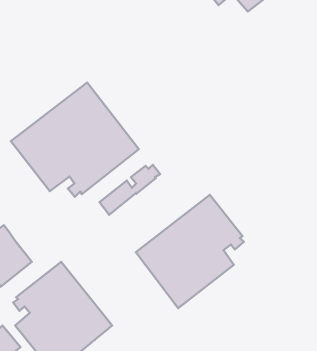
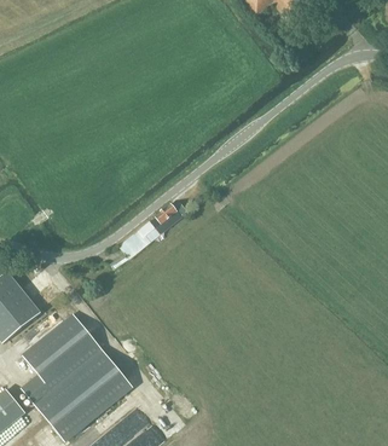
building: [11,83,139,197] -> none
building: [136,195,244,308] -> none

